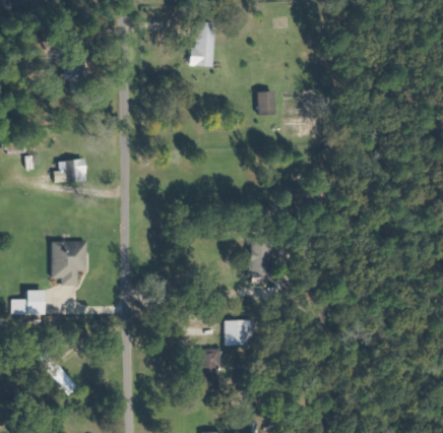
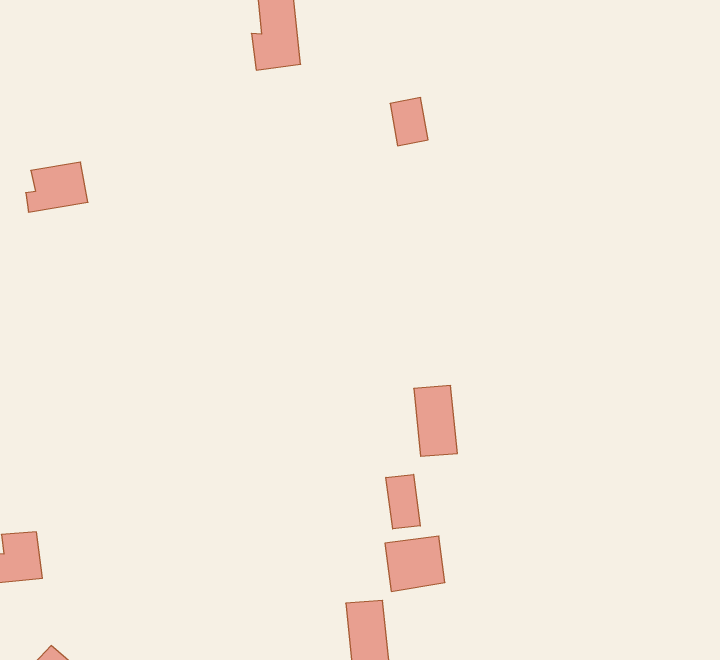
building: [54,159,85,181] -> [26,162,88,212]
building: [51,241,86,285] -> none
building: none -> [386,474,420,529]

